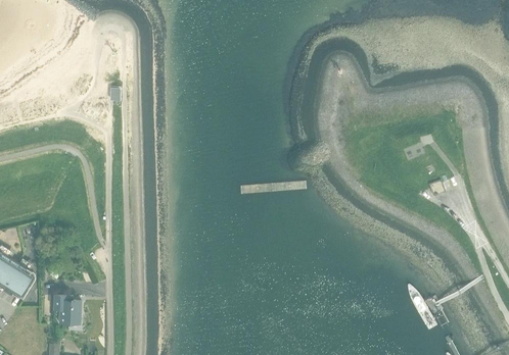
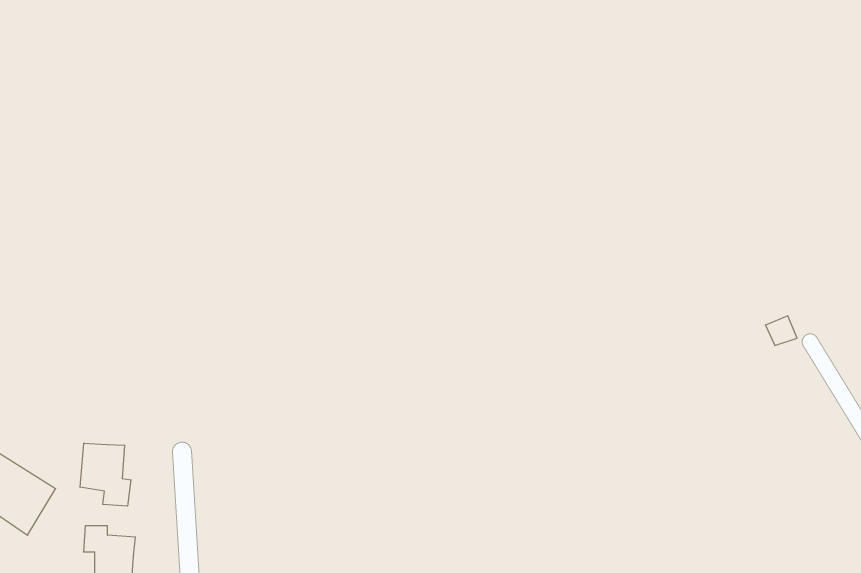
building: none -> [80,443,131,506]

